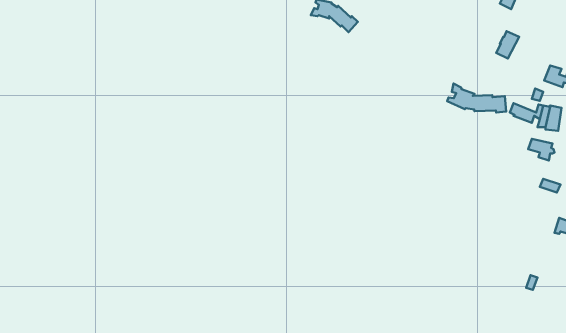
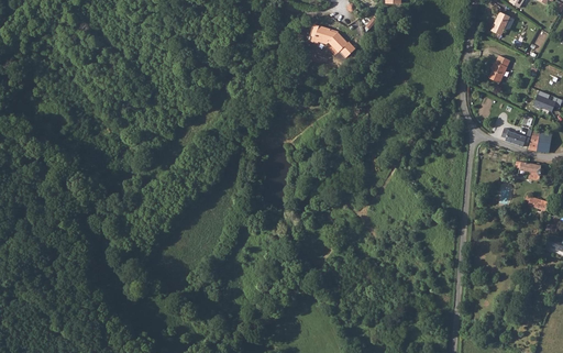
building: [447,83,506,112] -> none

